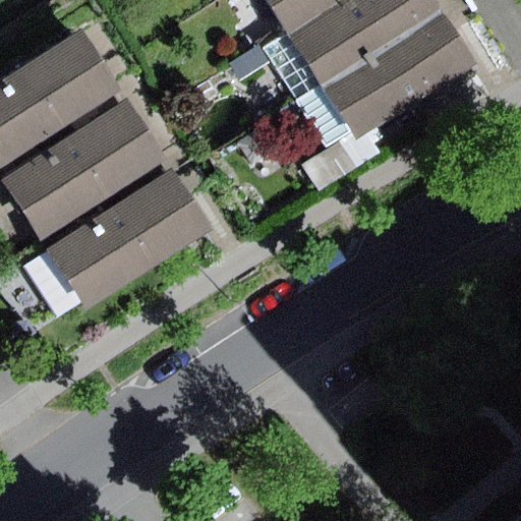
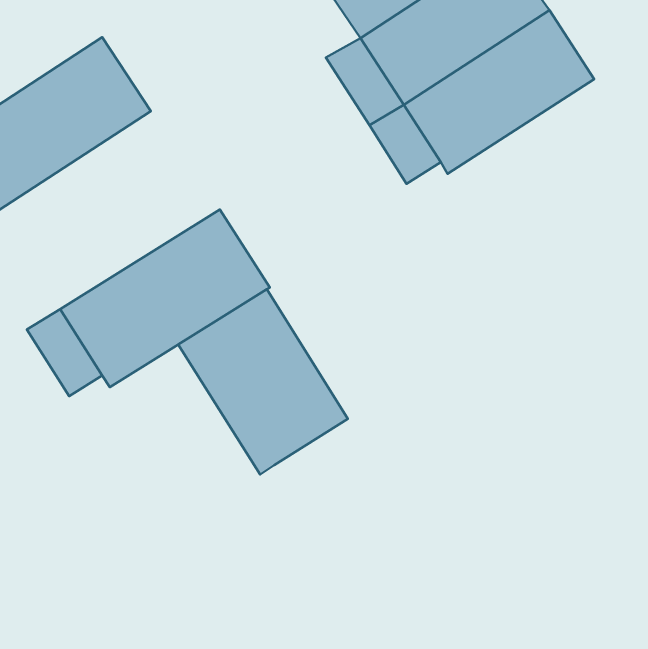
building: [4,100,166,238] -> none
building: none -> [178,289,348,475]

